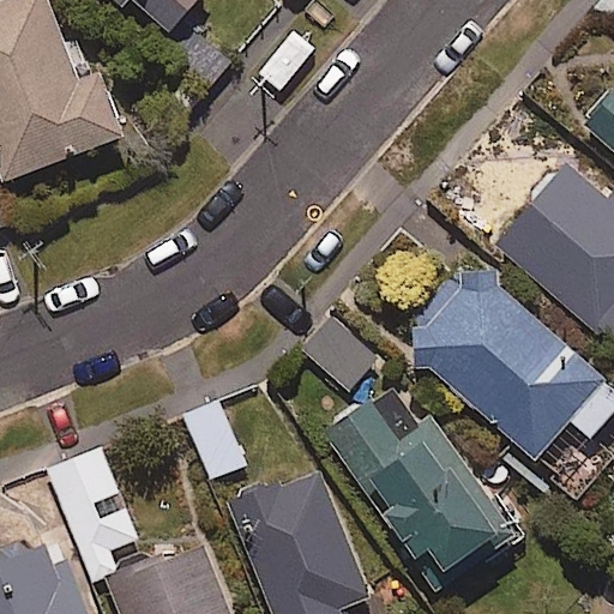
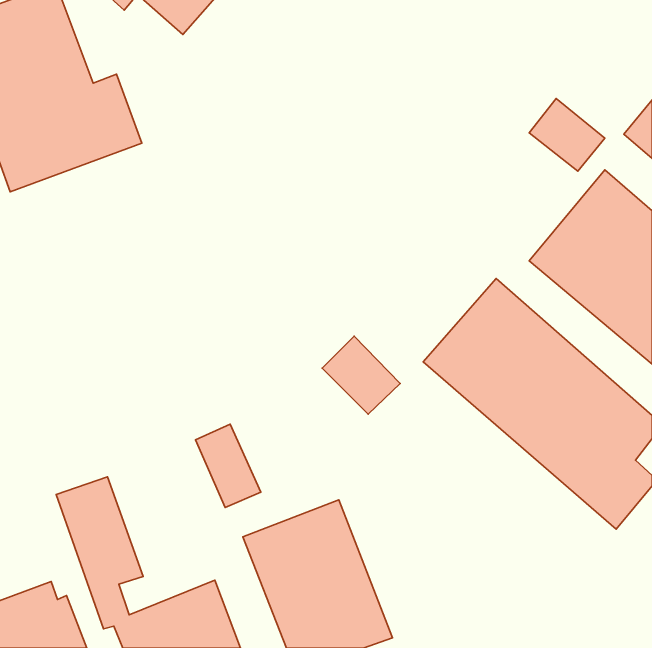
building: [326,390,512,590] -> none

